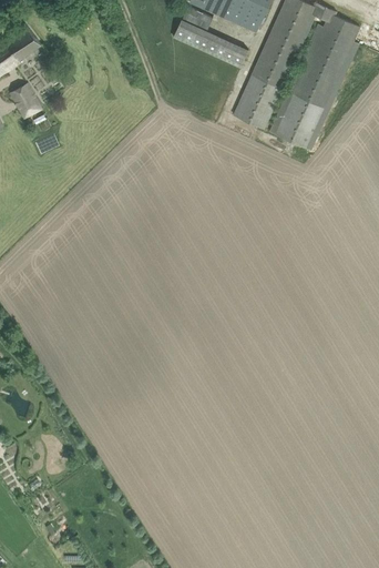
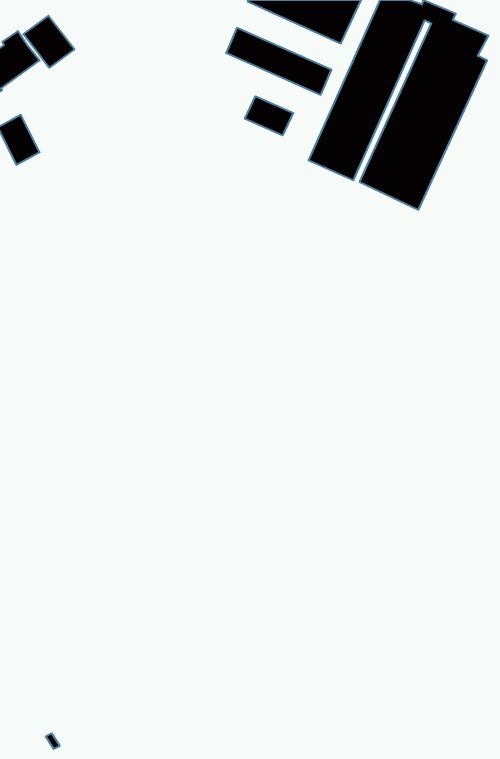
building: none -> [23,16,74,68]
building: none -> [245,96,293,135]

